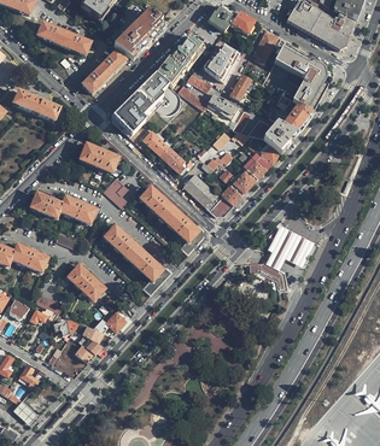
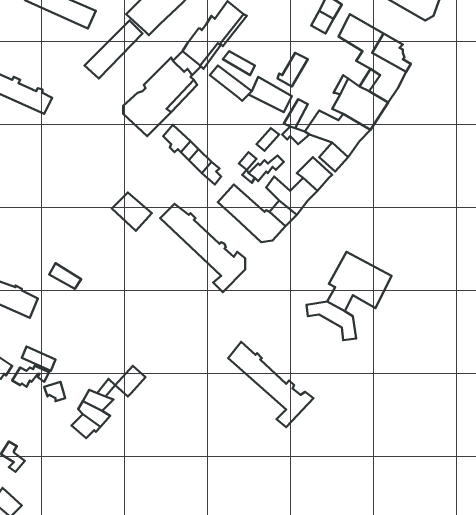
building: [204,45,238,81] -> none
building: [78,142,119,171] -> none
building: [30,193,97,225] -> none
building: [107,229,171,293] -> [228,342,313,427]
building: [66,268,101,301] -> none

